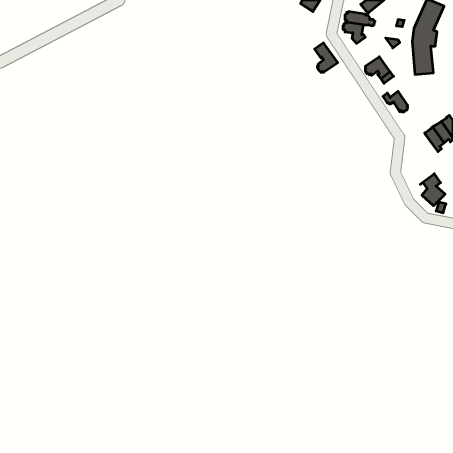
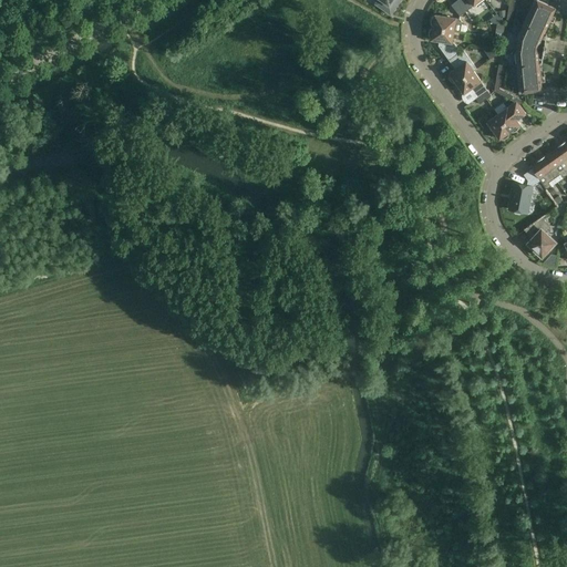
building: [315,43,338,72] -> [445,47,474,83]
building: none -> [497,96,526,133]
building: none -> [508,168,540,213]

